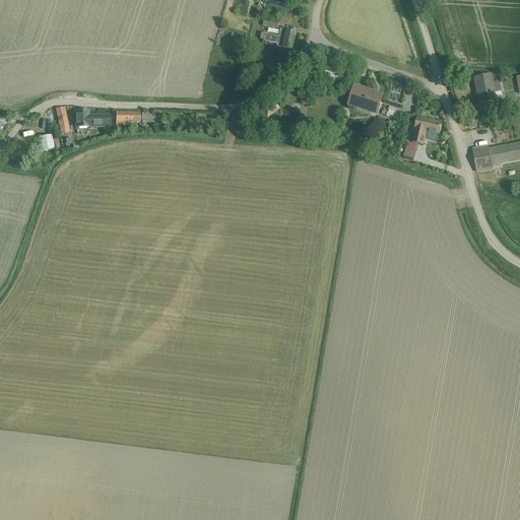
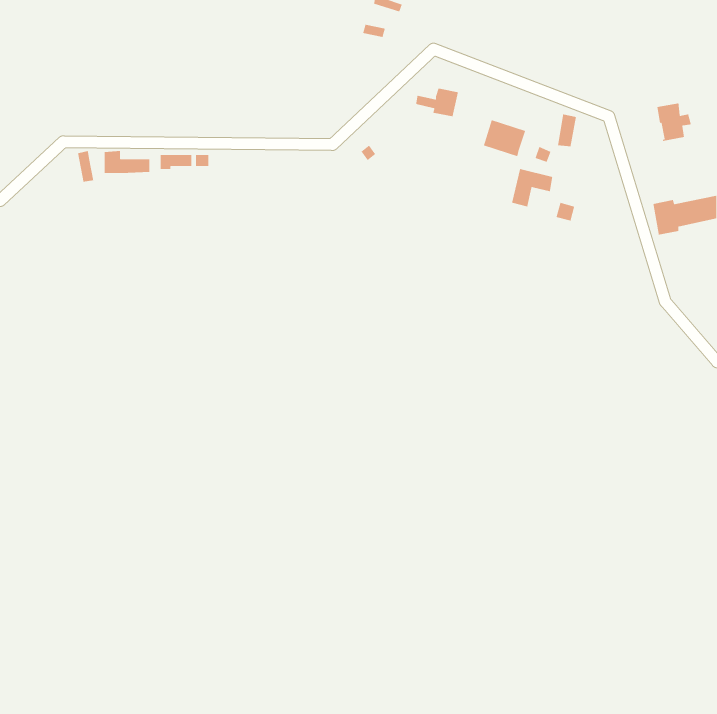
building: [265,27,297,49] -> [415,88,459,117]
building: [411,116,442,144] -> [511,168,553,207]

